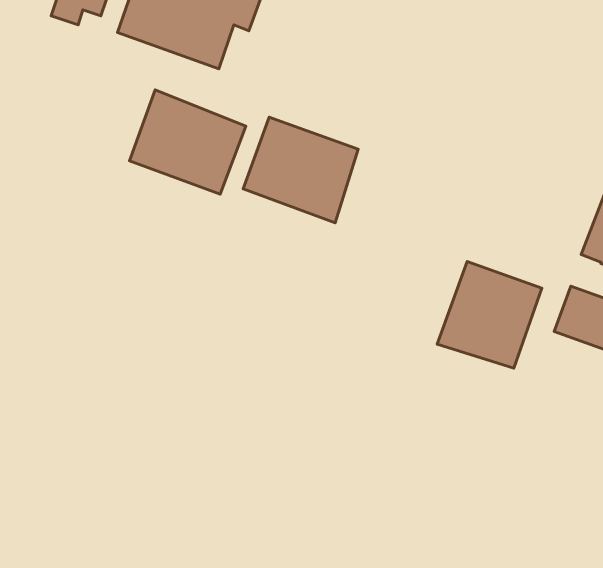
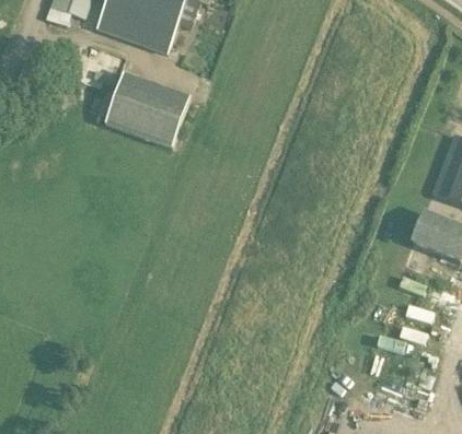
building: [243,117,358,223] -> none
building: [437,261,542,368] -> none

